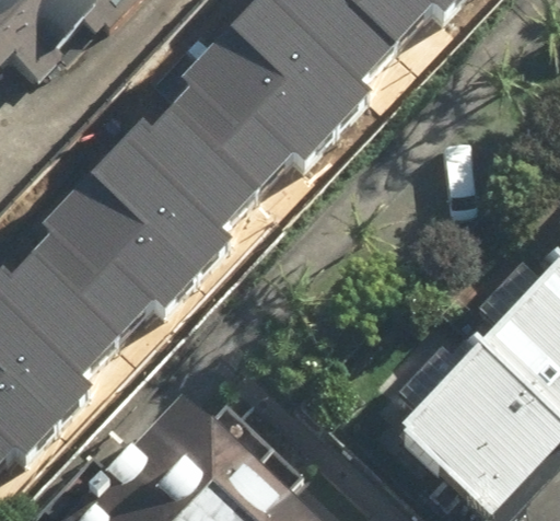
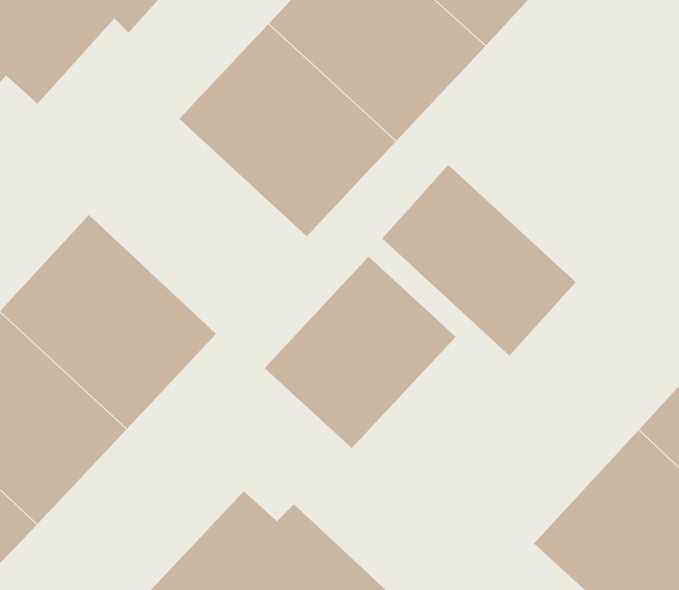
building: [83,107,250,273] -> none
building: none -> [381,164,576,357]
building: none -> [264,256,457,449]

